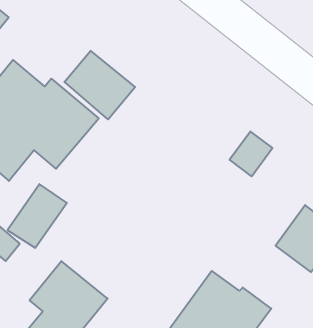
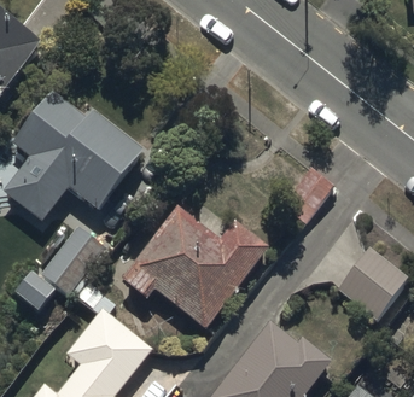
building: [64,51,135,119] -> none
building: none -> [122,203,268,329]

